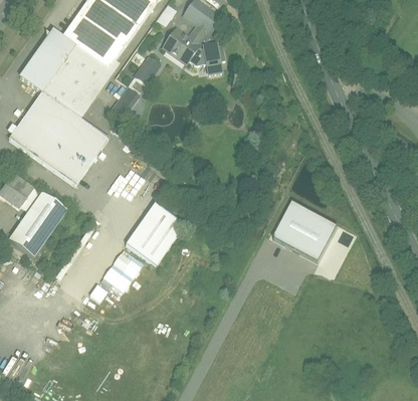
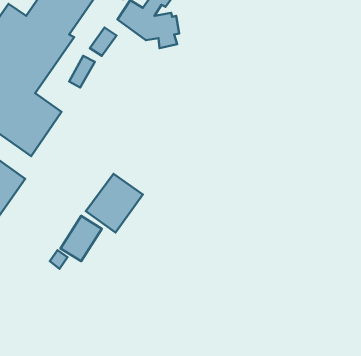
building: [273,200,338,260] -> none

